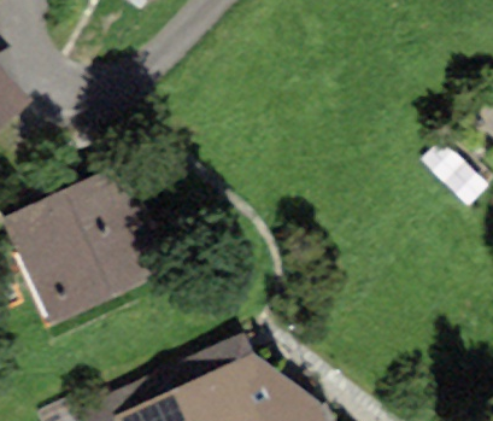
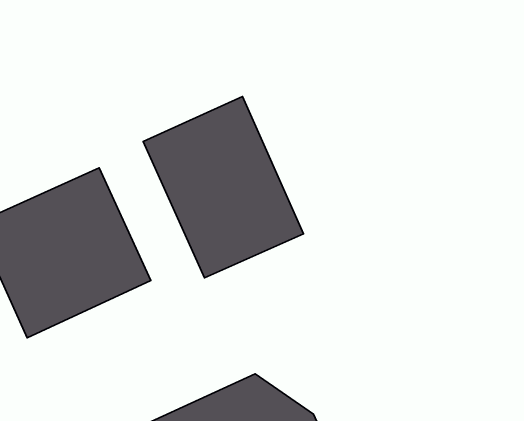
building: none -> [143,97,303,278]

